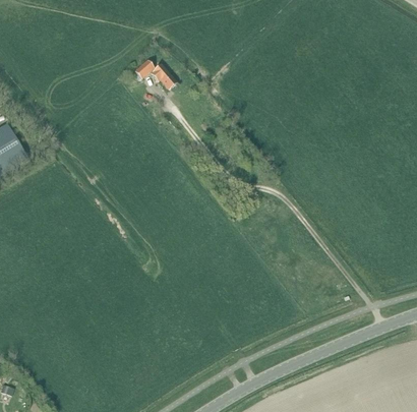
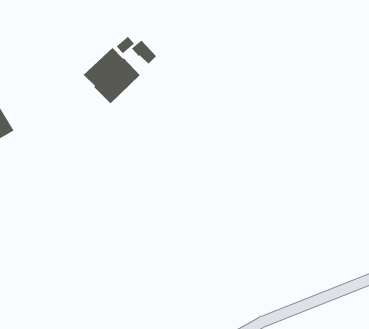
building: none -> [83,47,140,104]

